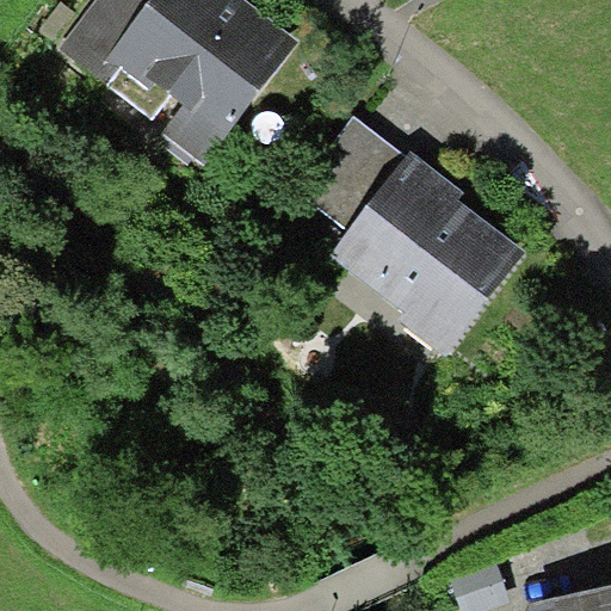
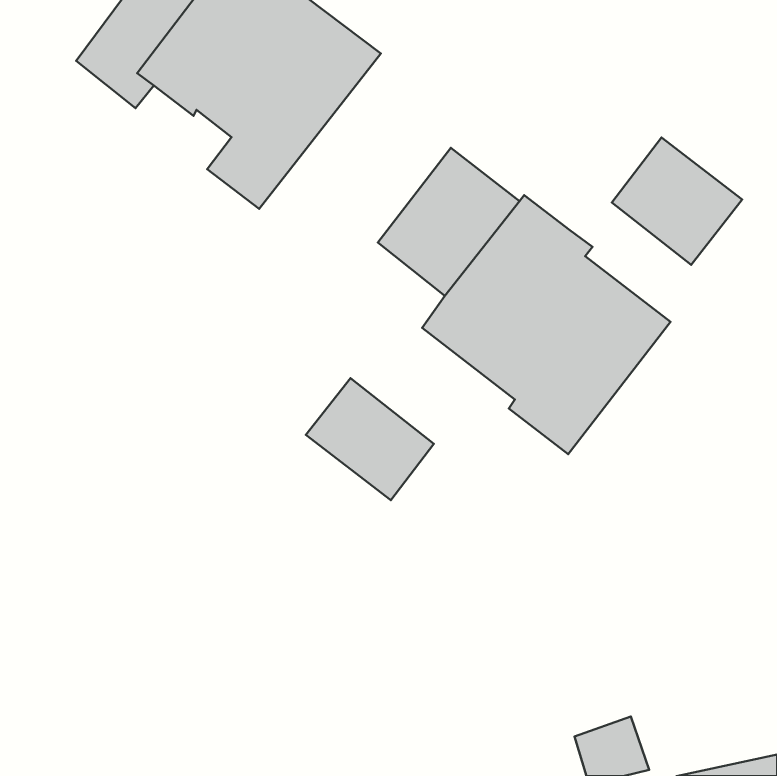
building: none -> [612,138,742,265]
building: none -> [306,378,434,500]

